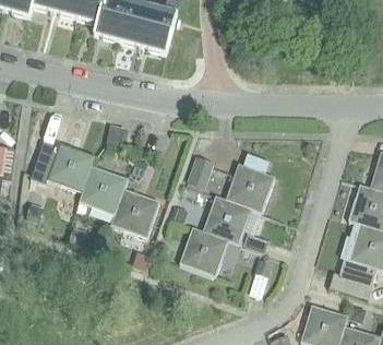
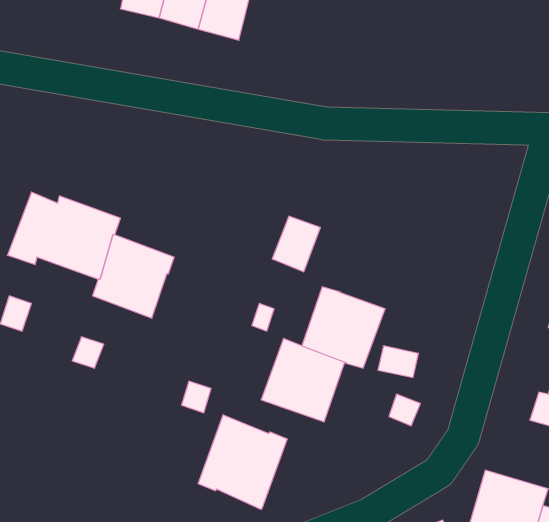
building: [225,164,275,213] -> none
building: [111,189,159,238] -> none
building: none -> [198,415,287,509]

